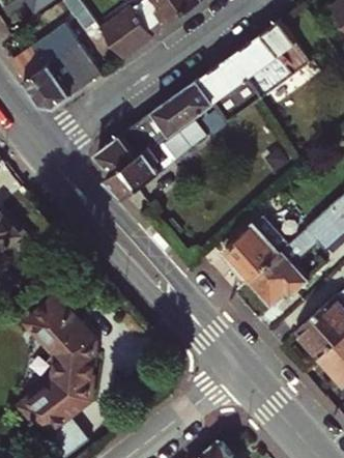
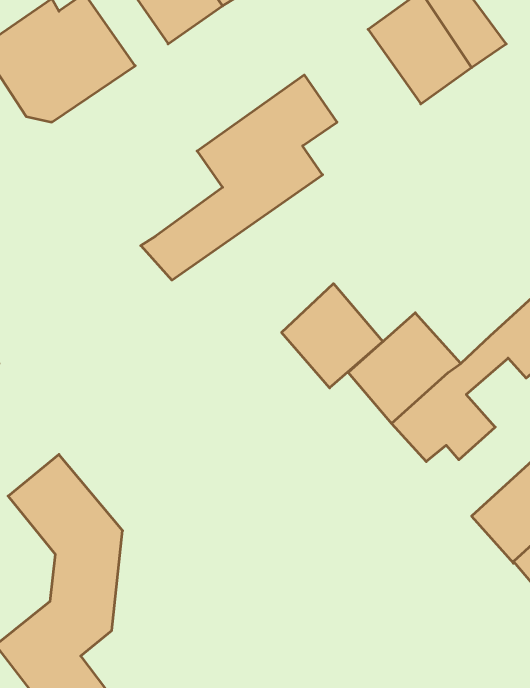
building: [198,54,264,122] -> none
building: [96,123,151,172] -> none
building: none -> [282,284,383,388]

